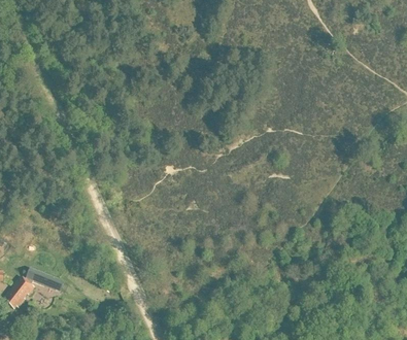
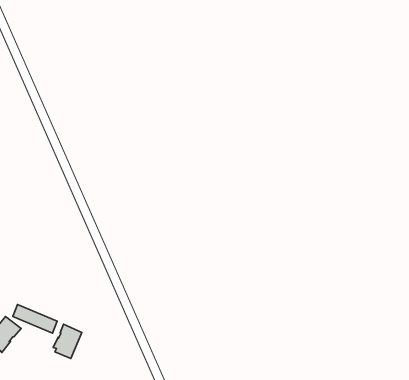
building: none -> [53,324,82,358]

